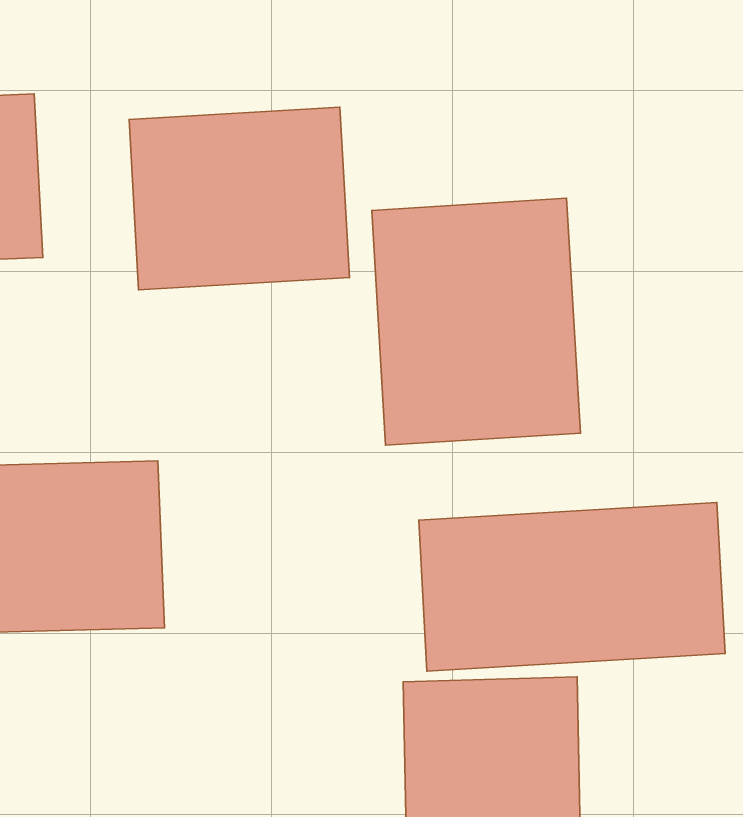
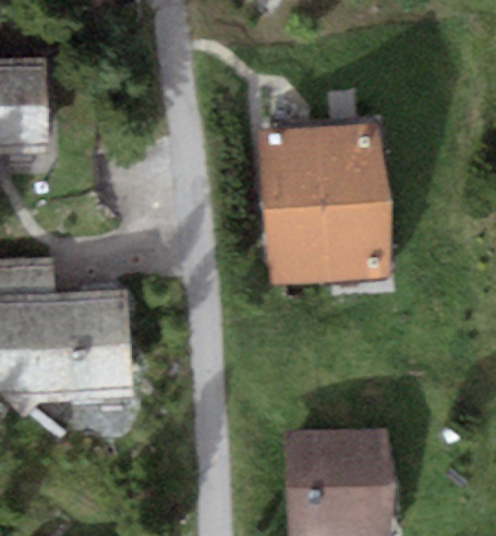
building: [129,107,349,290] -> none
building: [419,503,725,671] -> none

